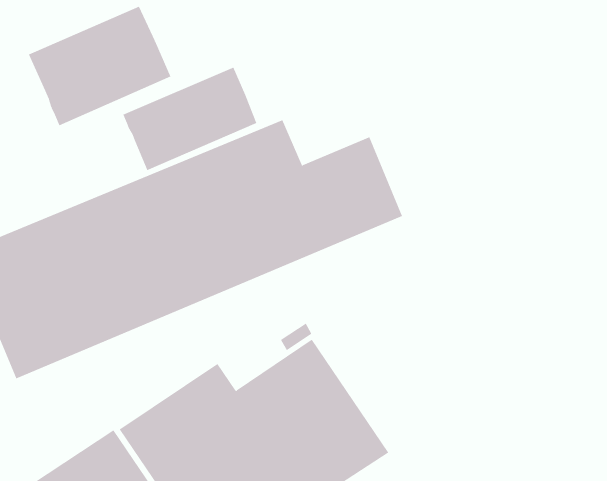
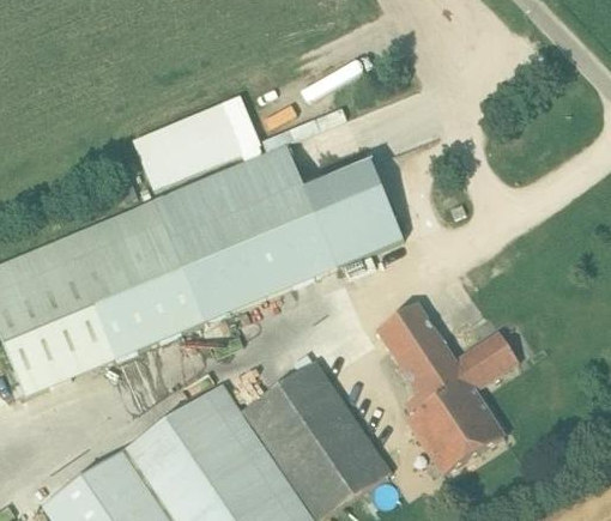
building: [28,6,171,126] -> none
building: none -> [376,303,519,475]

